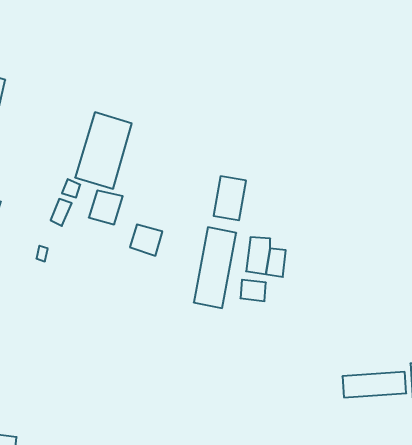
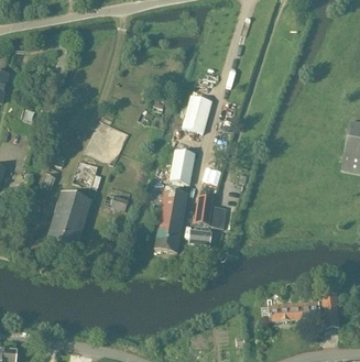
building: none -> [182,95,212,132]
building: [75,112,132,189] -> [46,191,90,251]

